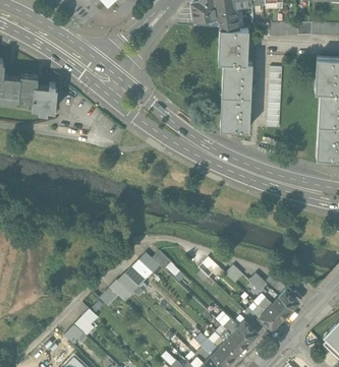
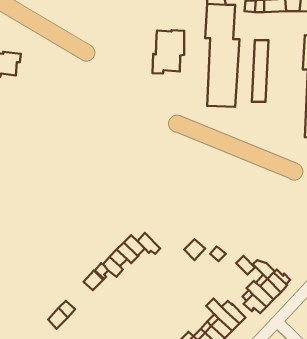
building: none -> [153,30,184,74]
building: [32,82,56,113] -> none

